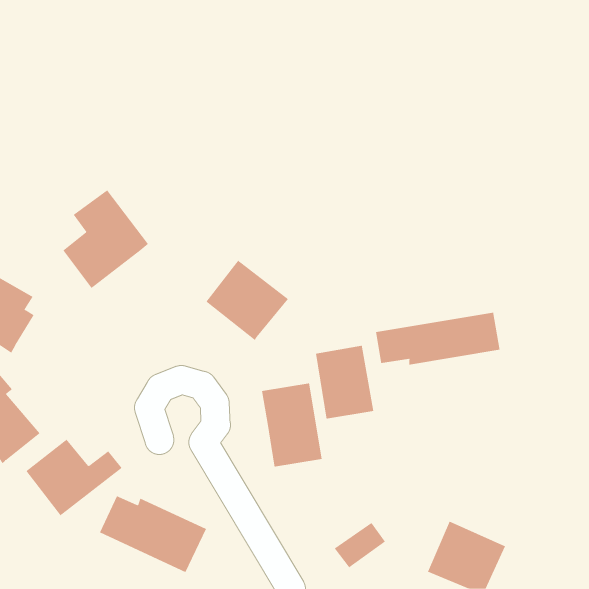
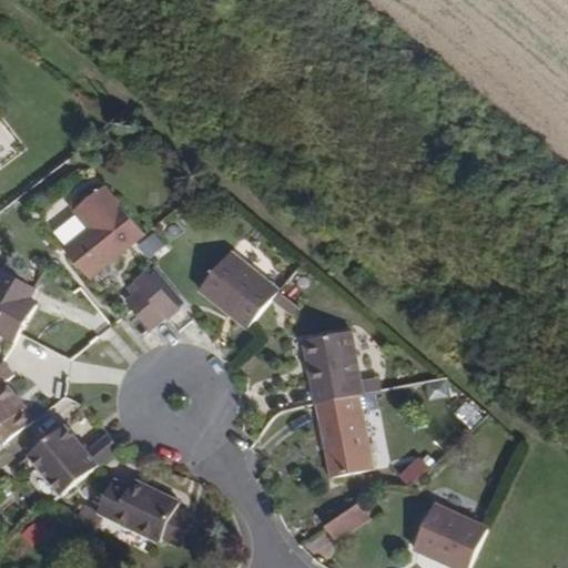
building: none -> [118,263,182,328]
building: [375,312,500,365] -> none
building: [261,383,322,467] -> [313,395,372,476]

